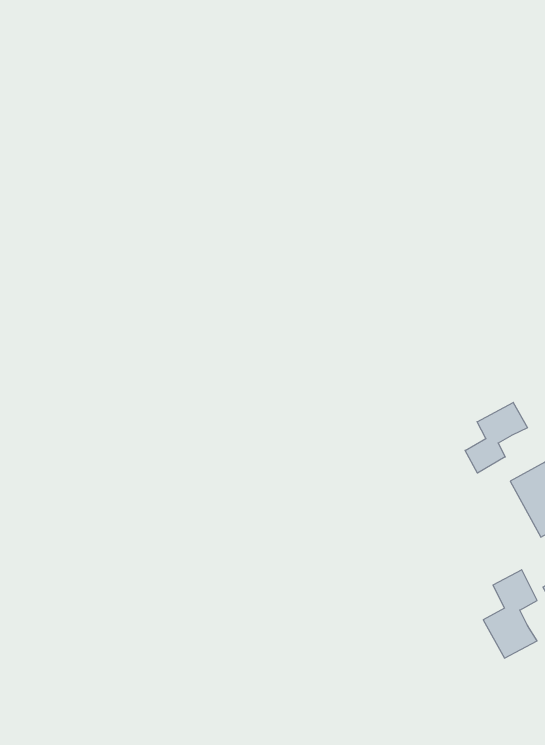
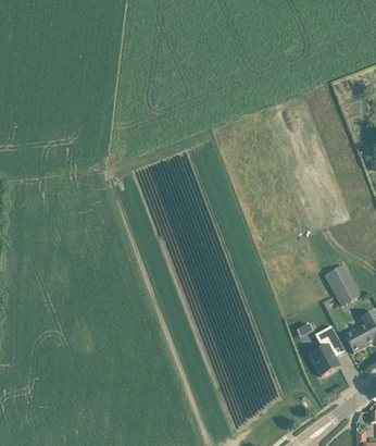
building: [465,402,527,473] -> none

